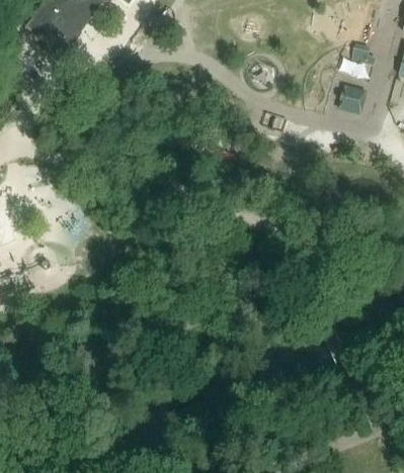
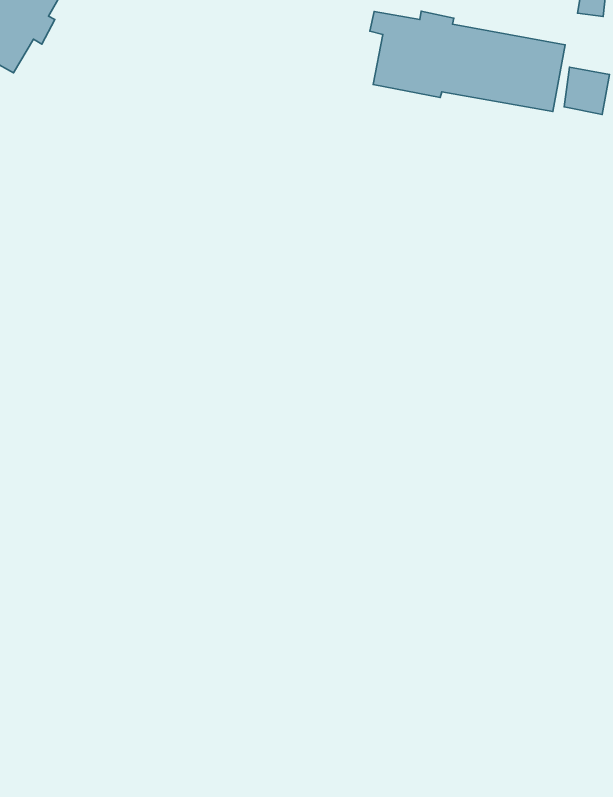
building: none -> [370,11,565,111]

